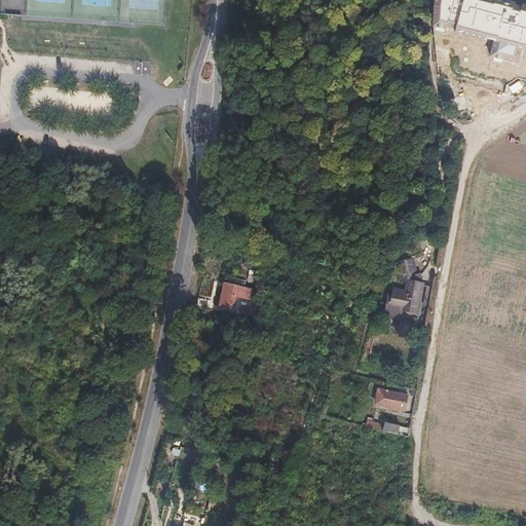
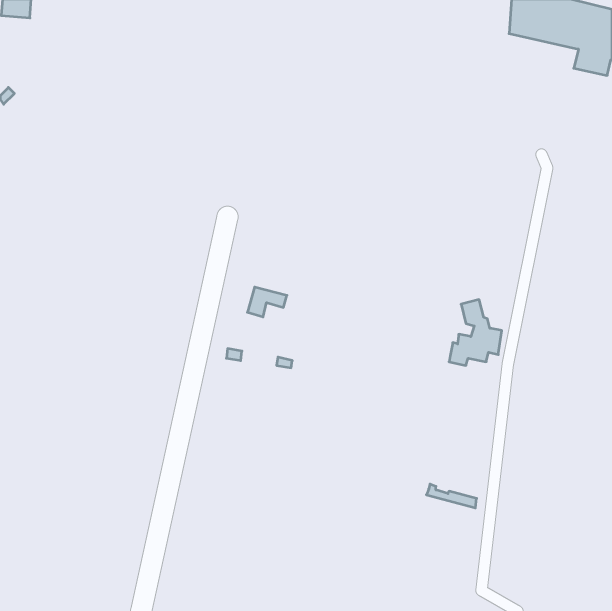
building: [218,284,252,309] -> [247,287,287,317]
building: [377,387,408,408] -> none

